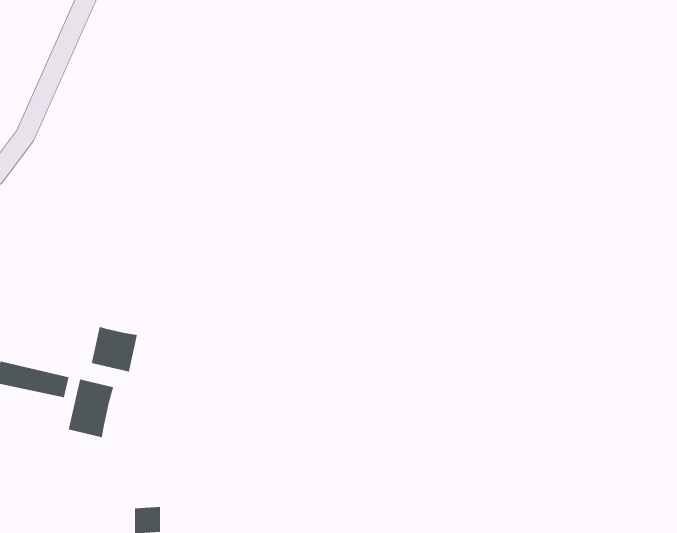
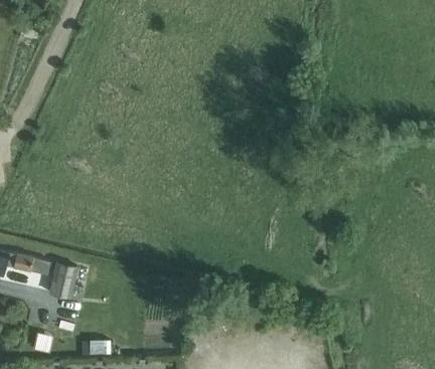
building: [91,326,138,372] -> none

